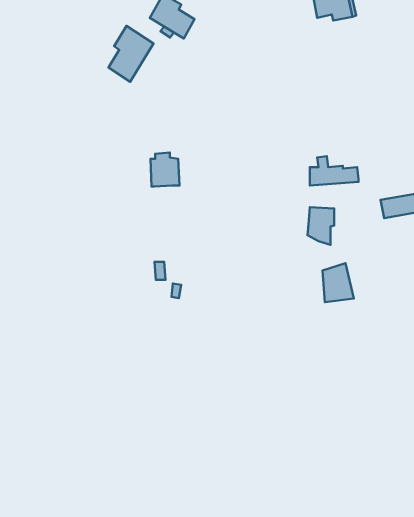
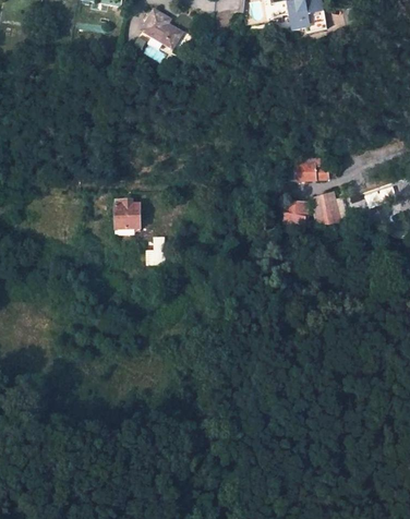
building: [109,26,153,82] -> none
building: [150,153,180,187] -> [114,198,141,229]
building: [322,263,354,302] -> [313,191,341,226]

